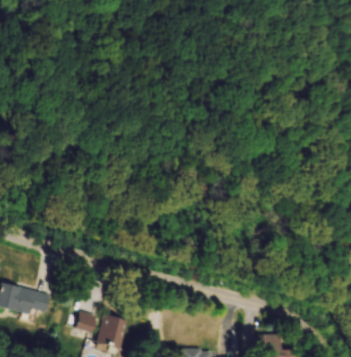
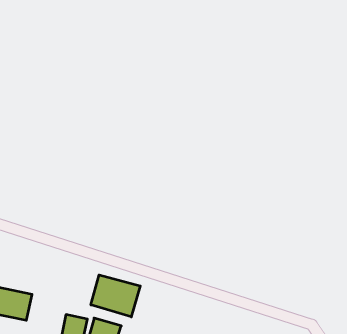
building: none -> [91,275,140,317]

